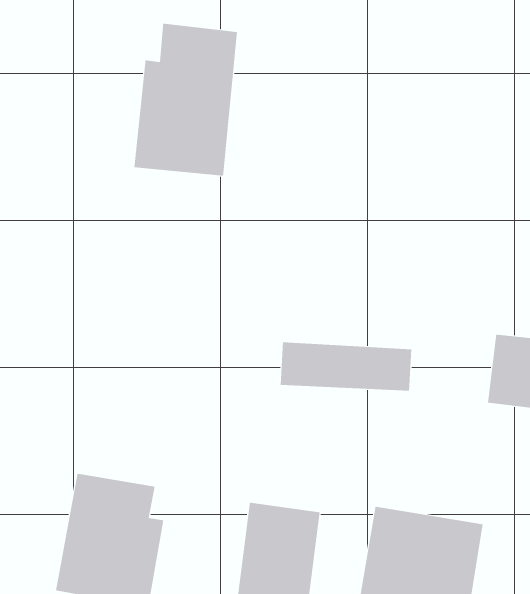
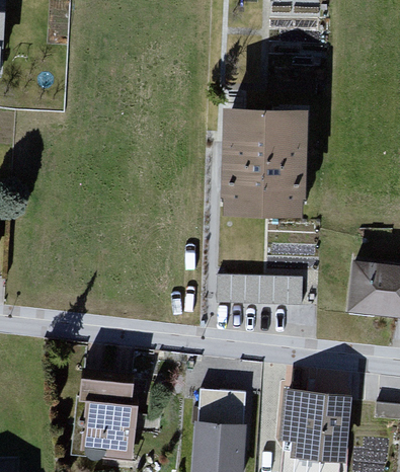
building: [134,23,238,177] -> none
building: none -> [219,102,318,214]

